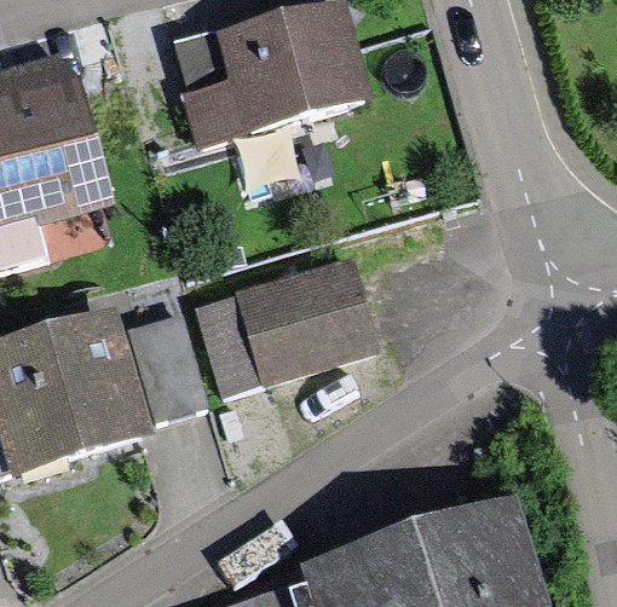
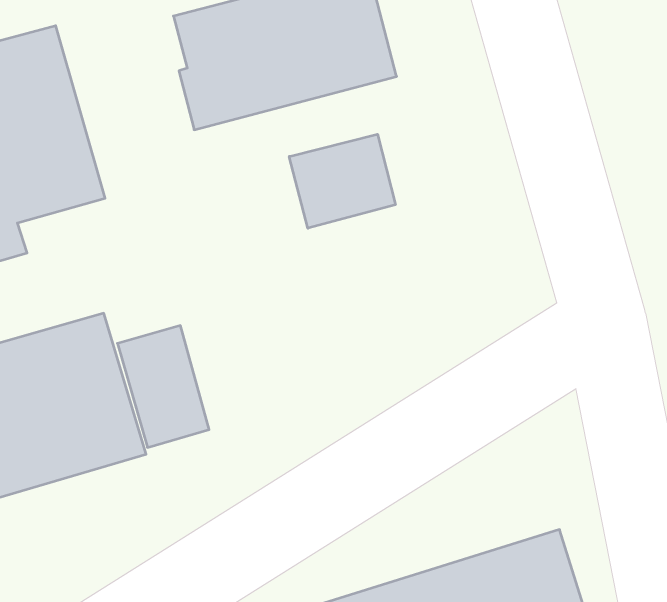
building: none -> [289,134,395,228]
building: [195,265,374,398] -> none

